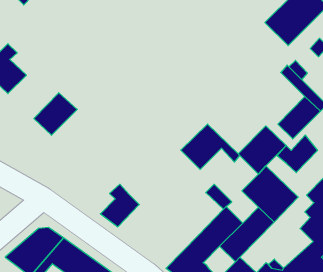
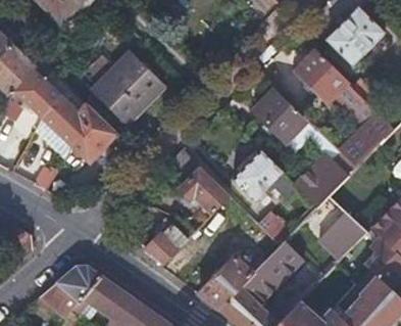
building: none -> [295,50,347,102]
building: none -> [93,55,163,126]
building: none -> [254,88,306,140]
building: none -> [42,96,98,144]
building: none -> [165,148,229,213]
building: [277,135,317,173] -> none
building: none -> [196,255,252,310]

